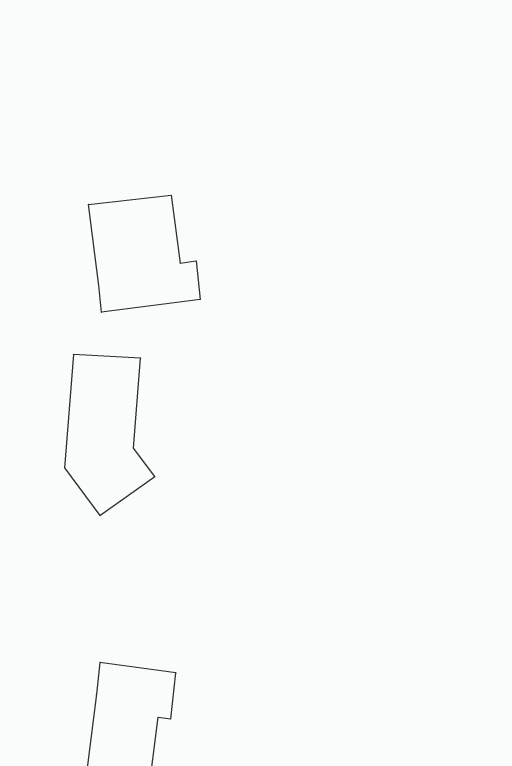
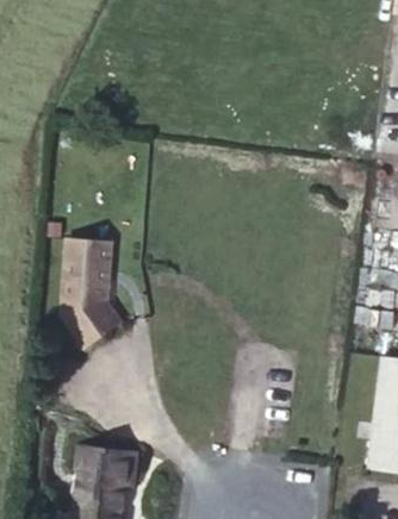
building: [89,195,200,312] -> none

